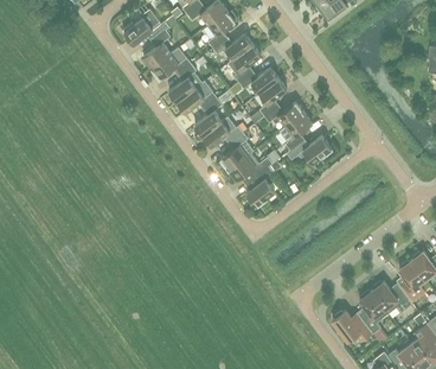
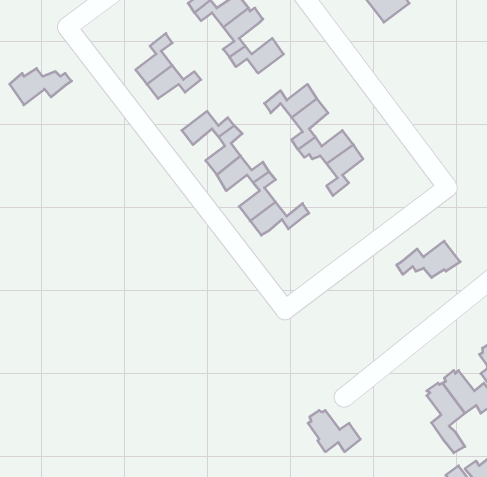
building: [122,18,168,45] -> [10,68,72,105]
building: [226,45,261,82] -> none
building: [168,64,200,102] -> none
building: [286,135,333,163] -> [397,241,460,278]
building: [245,166,274,208] -> none
building: [332,311,371,342] -> [308,410,360,452]

